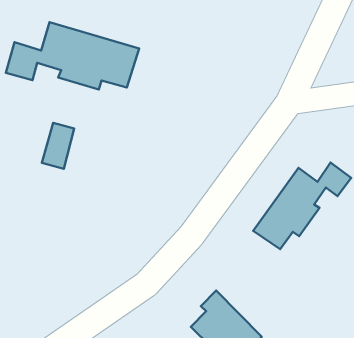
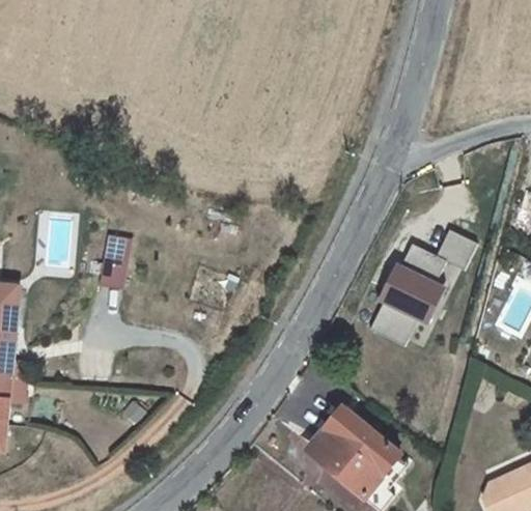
building: [6,22,139,89] -> none

